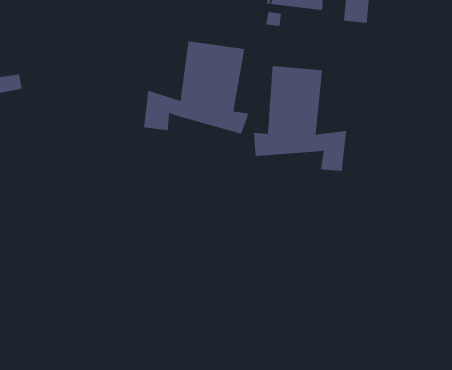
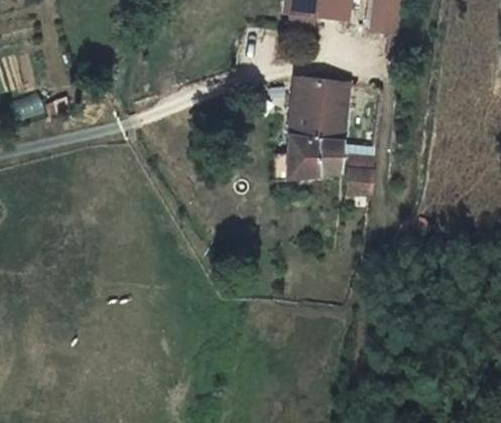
building: [143,41,249,135] -> none

